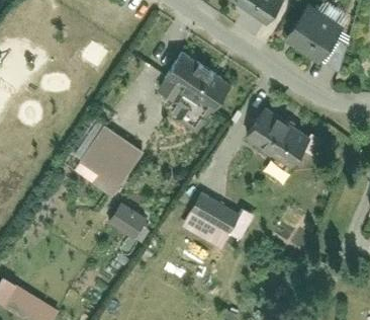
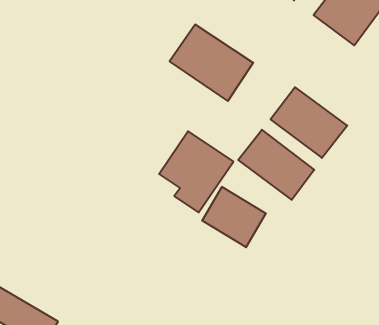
building: [77,125,142,195] -> [159,131,233,212]
building: none -> [238,130,314,200]
building: [106,202,145,237] -> none

